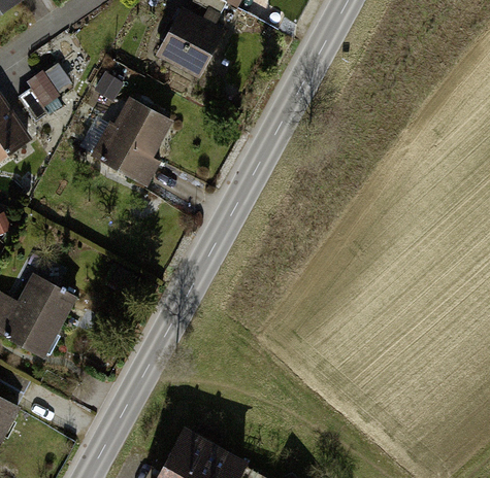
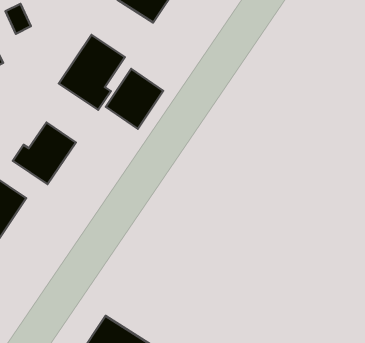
building: none -> [106,69,163,129]
building: none -> [13,122,76,184]

